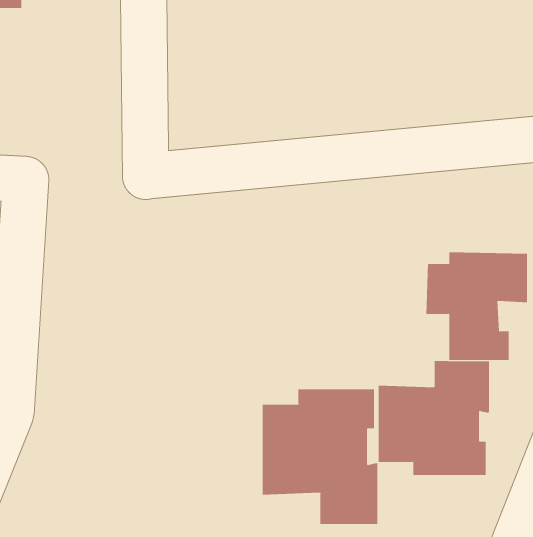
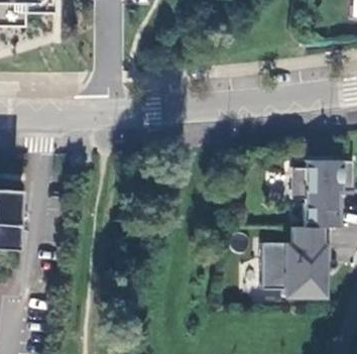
building: [262,388,378,525] -> none

